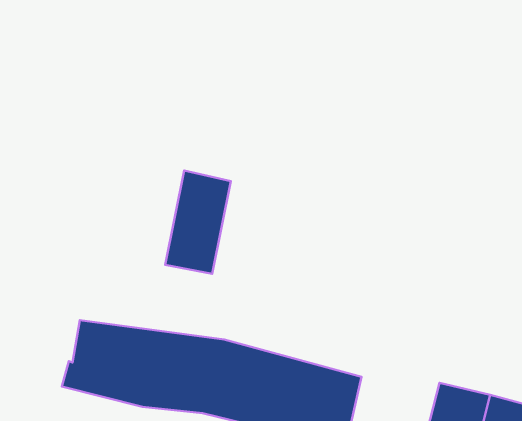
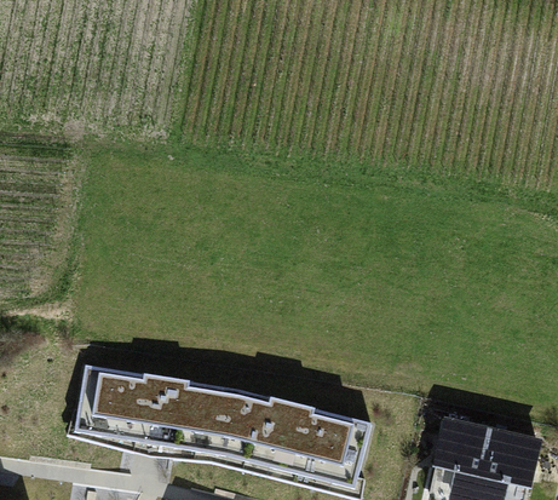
building: [165,171,231,274] -> none

